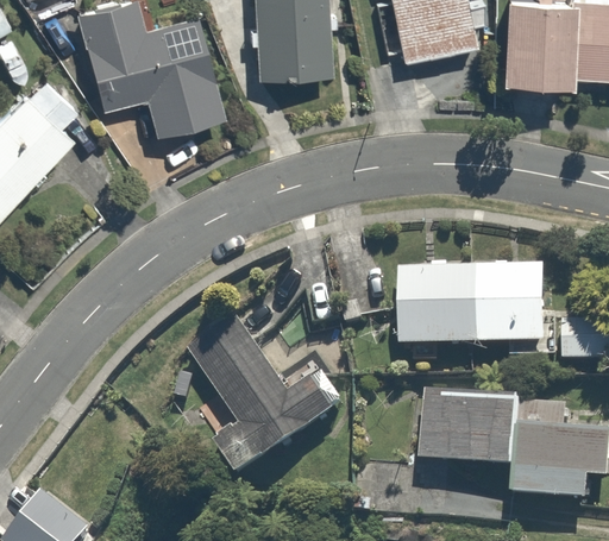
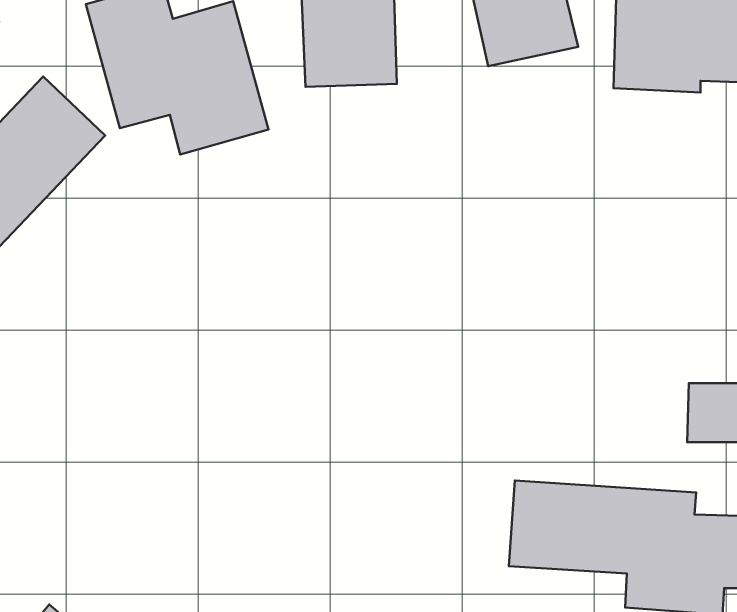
building: [398,262,550,346] -> none
building: [186,314,338,479] -> none

